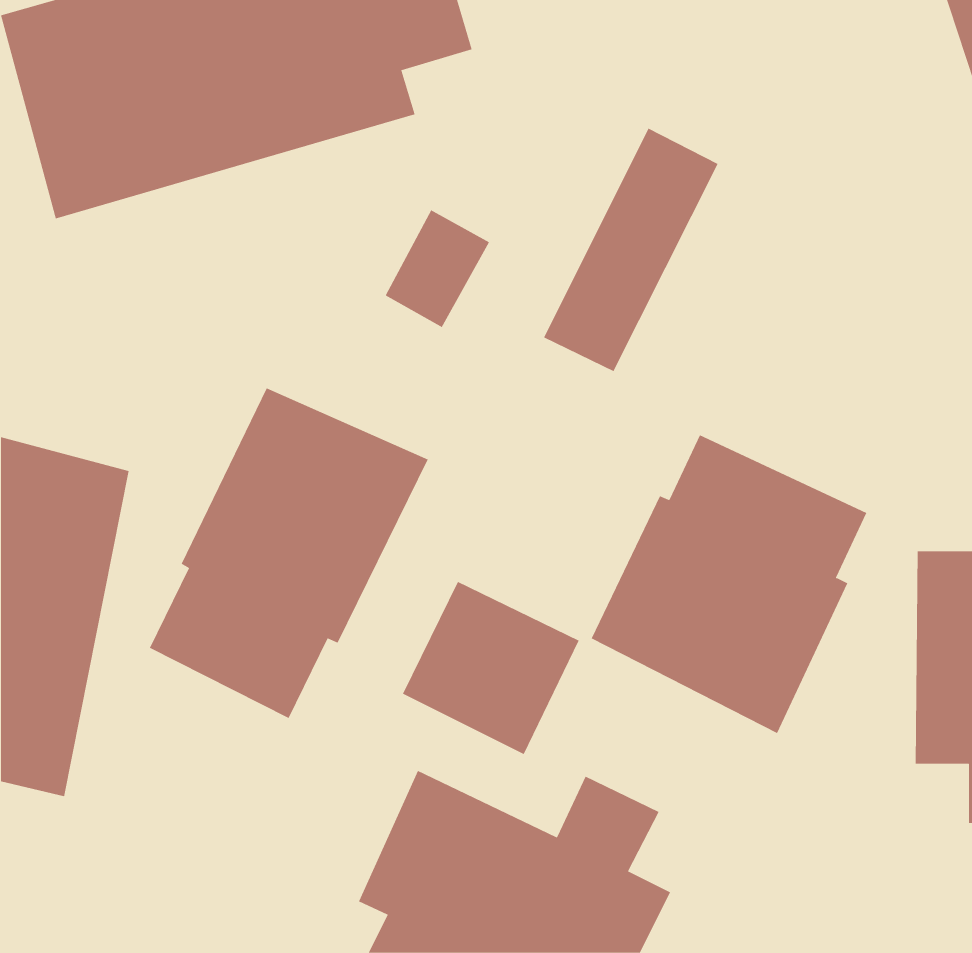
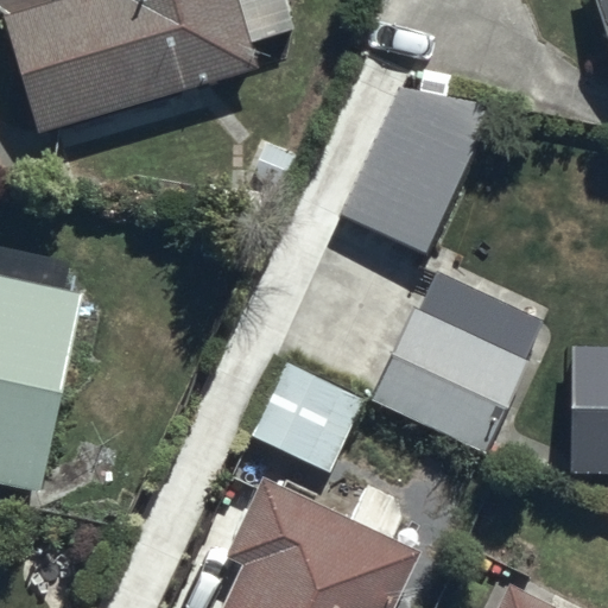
building: [149,387,429,719] -> none

